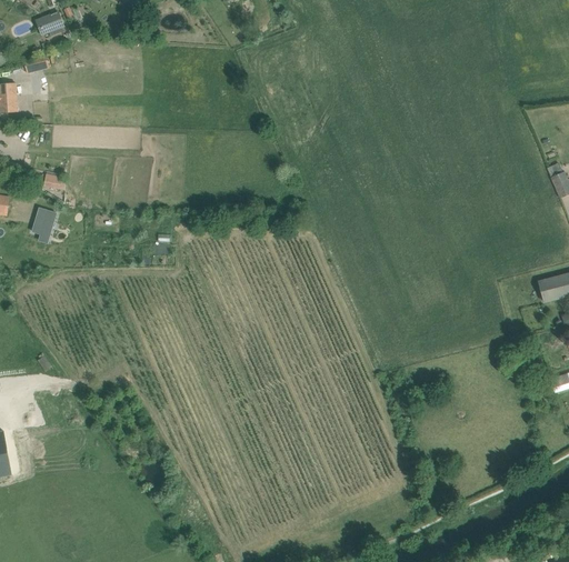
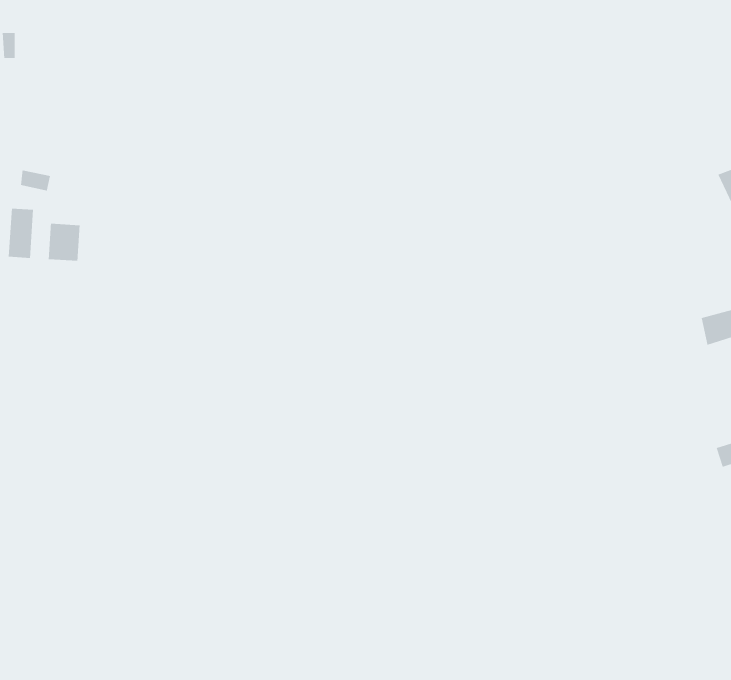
building: none -> [48,223,80,262]

